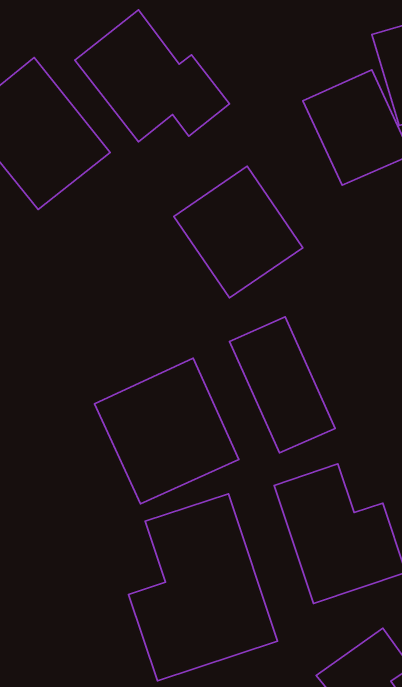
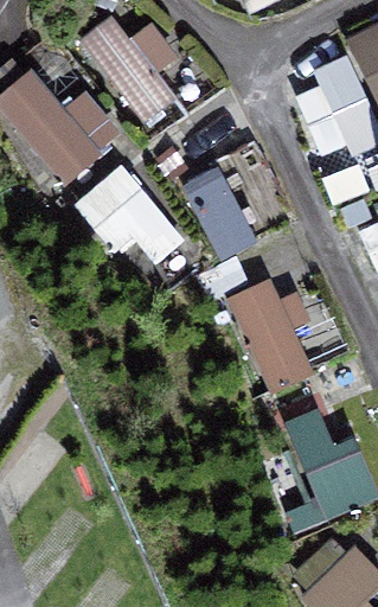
building: none -> [75,156,187,277]
building: [94,358,239,504] -> none
building: [129,494,277,681] -> none

